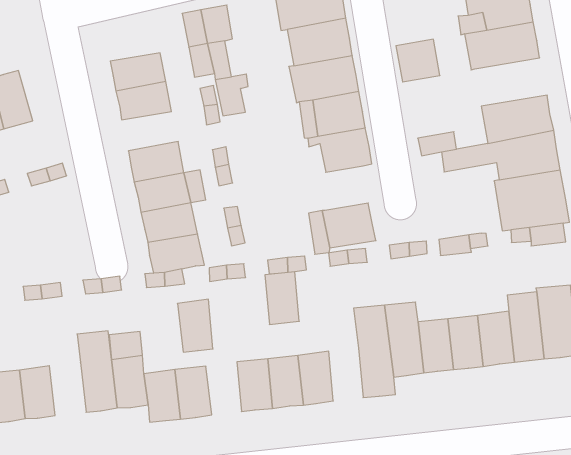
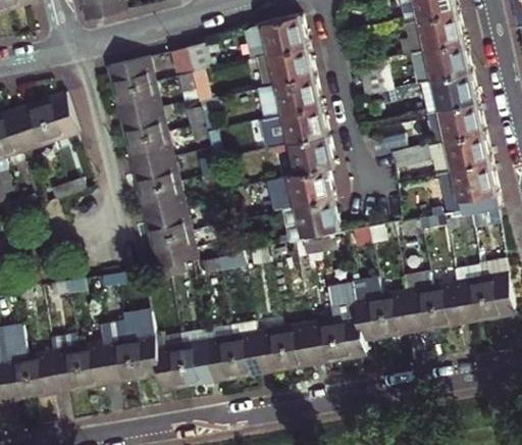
building: none -> [106,56,154,92]
building: none -> [415,68,476,111]
building: none -> [38,96,76,145]
building: none -> [125,131,173,165]
building: none -> [280,166,333,205]
building: [265,272,299,324] -> [308,317,338,362]
building: [177,299,213,352] -> [207,335,239,380]
building: none -> [77,343,110,388]

